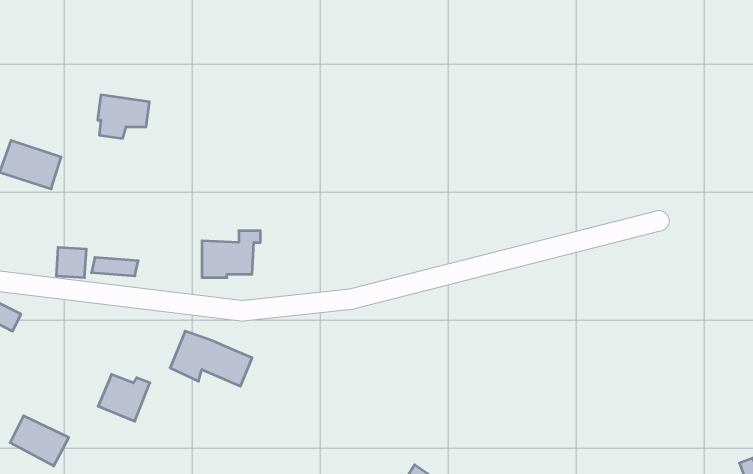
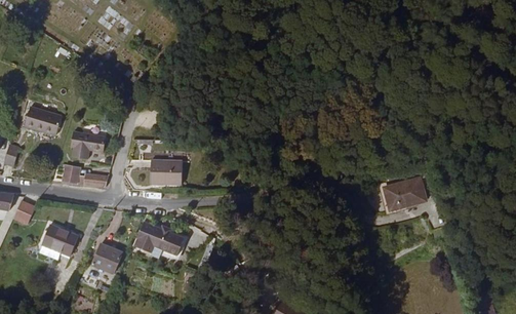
building: [98,95,149,138] -> [74,128,106,155]
building: none -> [385,182,426,208]
building: [10,416,69,466] -> [42,225,78,256]

